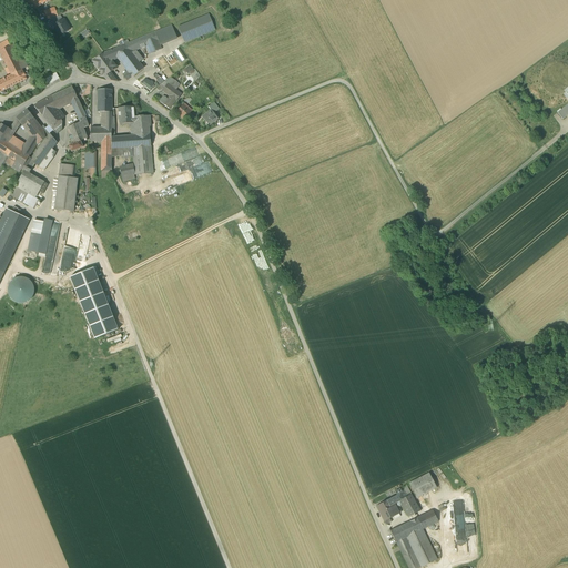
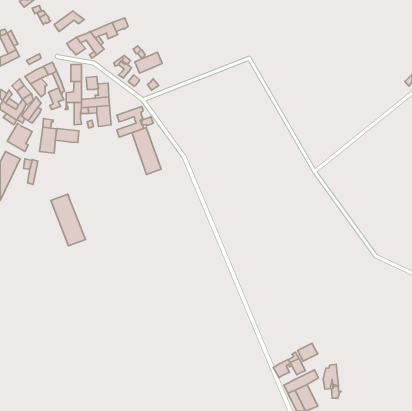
building: [178,13,215,42] -> [135,52,162,73]
building: none -> [54,11,84,32]
building: none -> [132,128,161,175]
building: none -> [55,128,79,143]
building: [8,276,34,303] -> none

